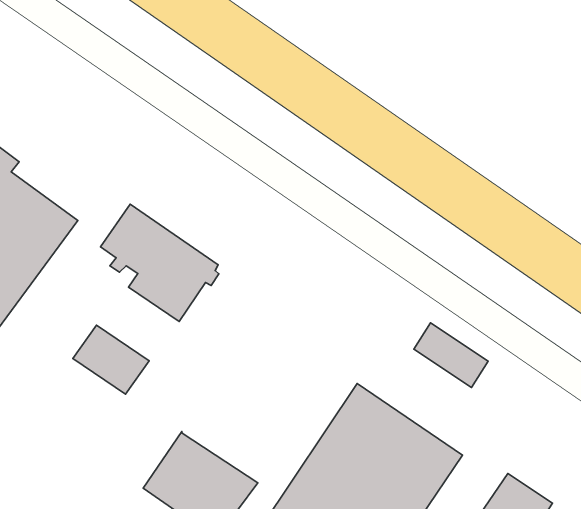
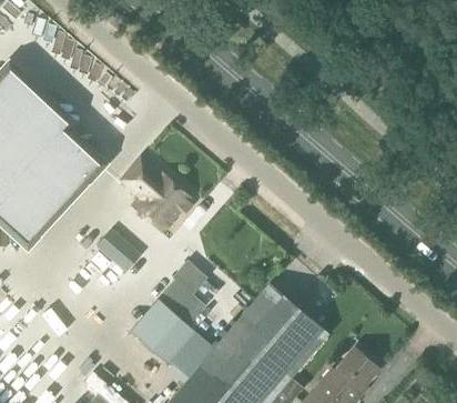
building: [414,323,488,388] -> none
building: none -> [159,261,209,326]

